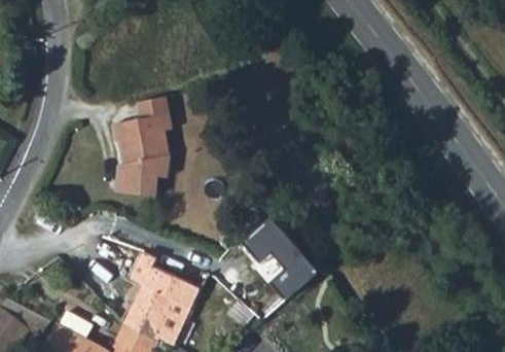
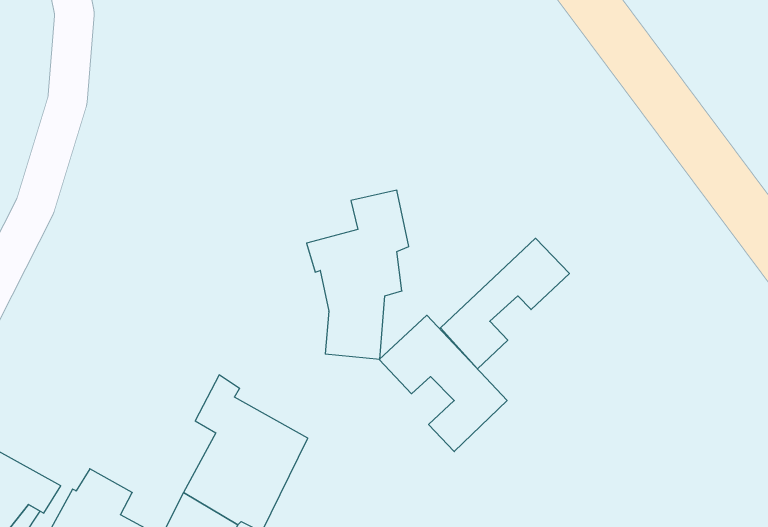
building: [109,99,171,201] -> [307,190,409,359]
building: none -> [440,238,569,369]

